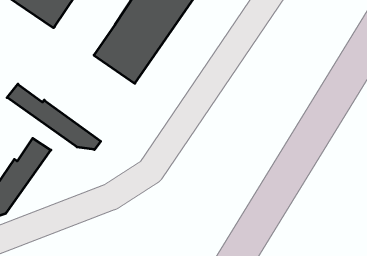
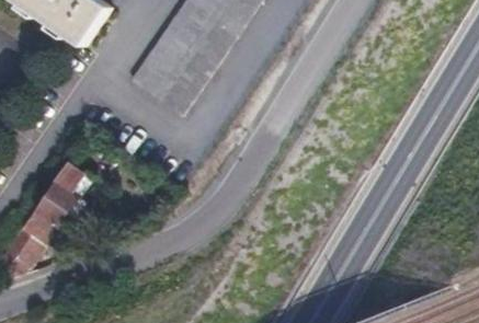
building: [7,84,101,150] -> none

